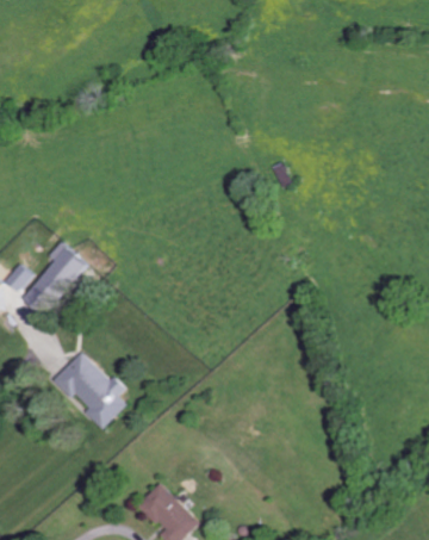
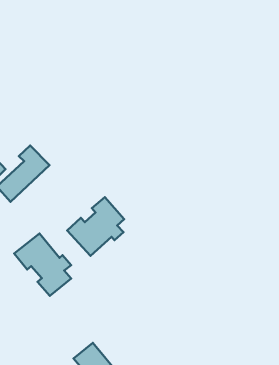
building: none -> [67,197,124,256]

